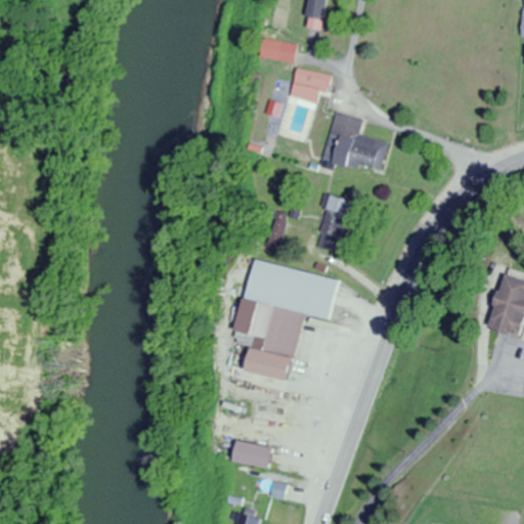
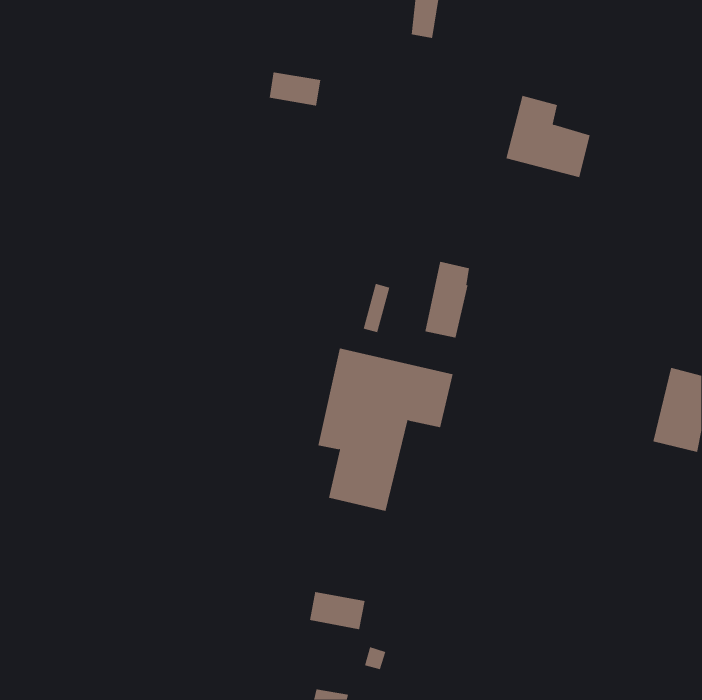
building: [259,37,298,62] -> [269,72,321,106]
building: [292,68,334,101] -> none
building: [323,112,387,173] -> [505,95,591,178]

